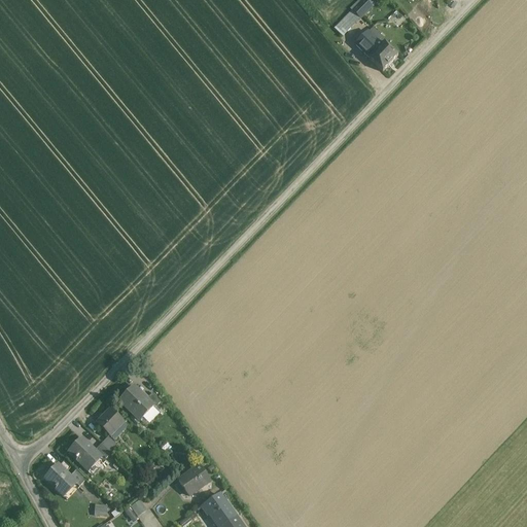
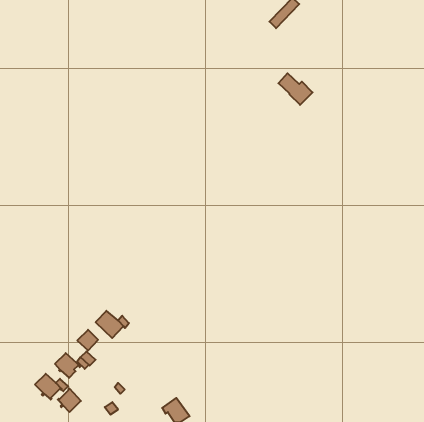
building: [355,31,397,70] -> [278,73,313,105]
building: [178,464,209,494] -> none
building: none -> [58,388,81,412]

